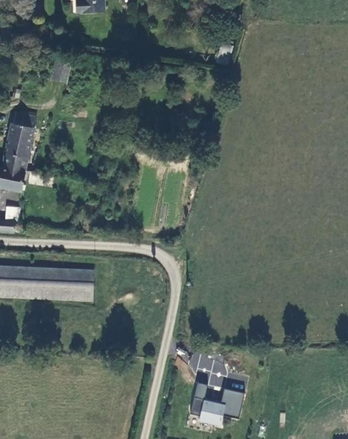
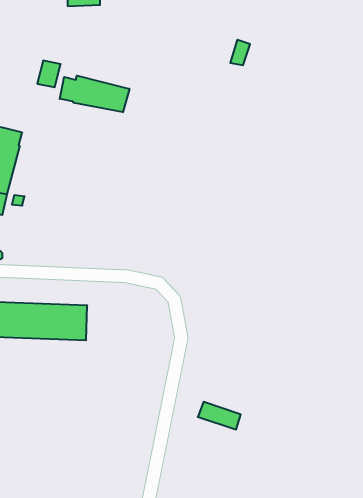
building: none -> [60,76,129,112]
building: [189,381,244,424] -> none

